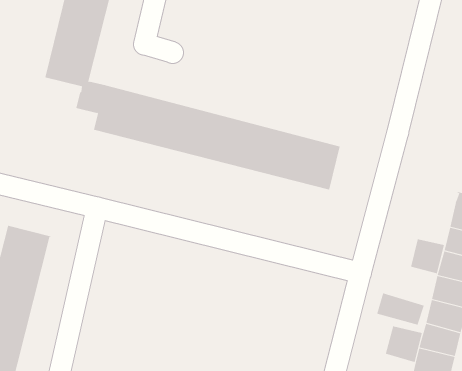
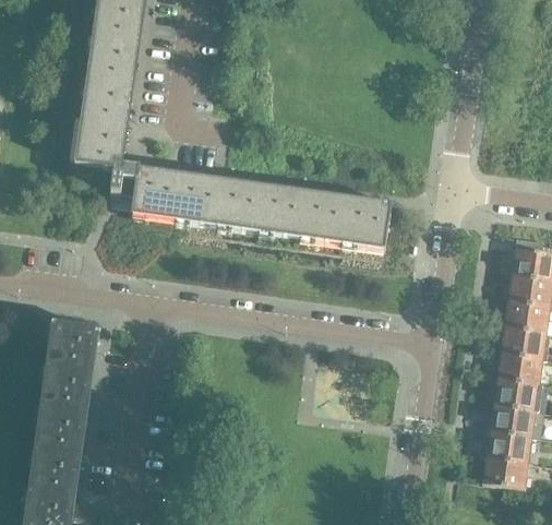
building: [410,238,445,274] -> none
building: [377,293,424,326] -> none
building: [385,325,422,363] -> none

